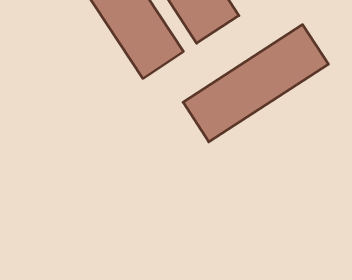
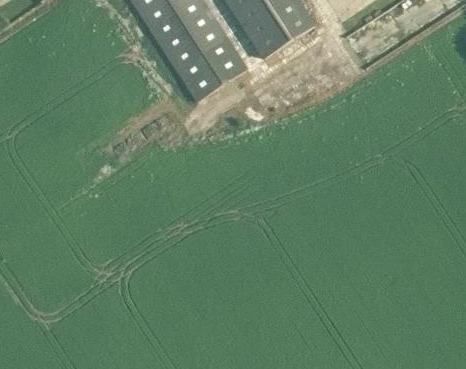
building: [183,25,328,142] -> none

